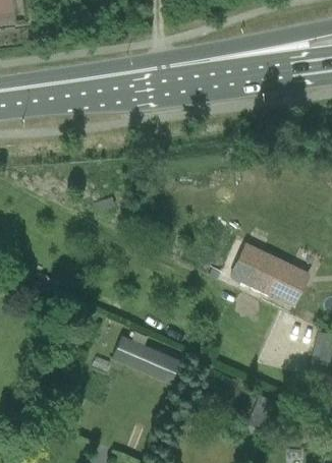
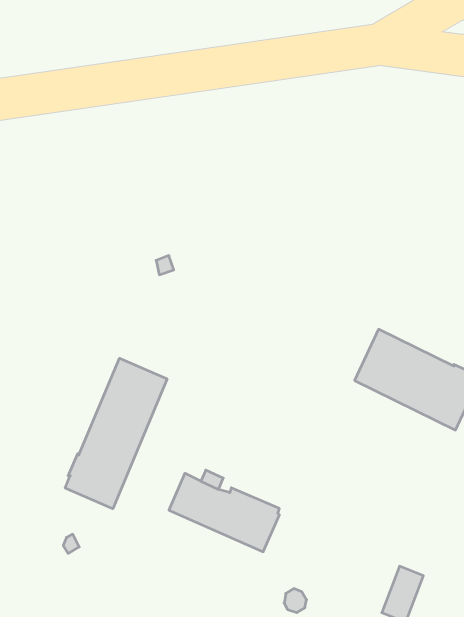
building: none -> [65,358,167,509]

